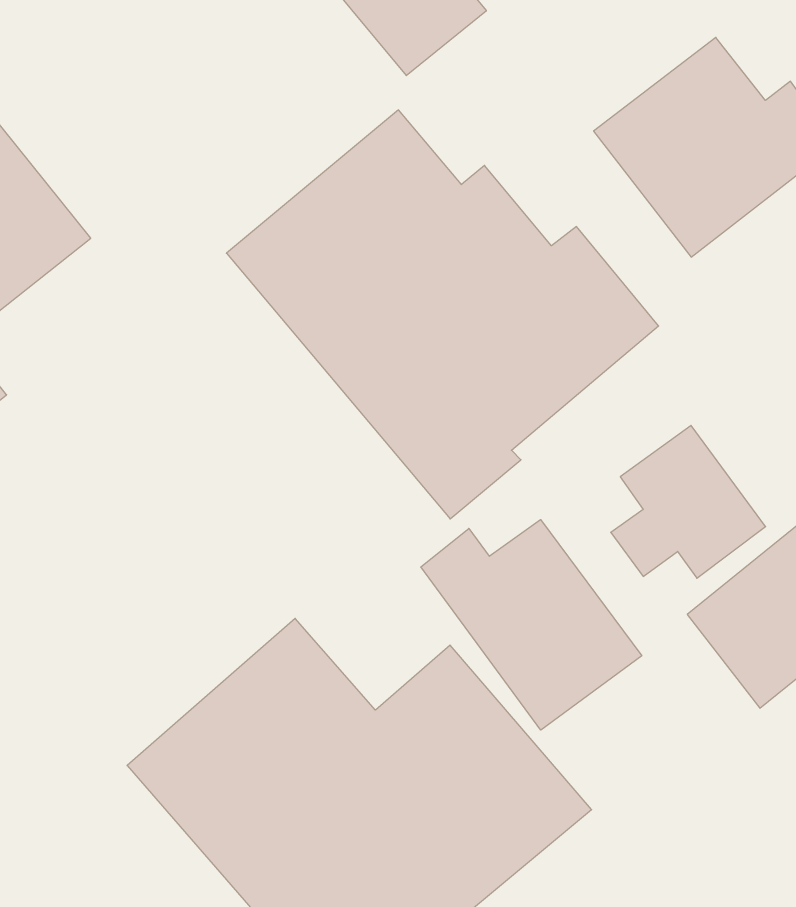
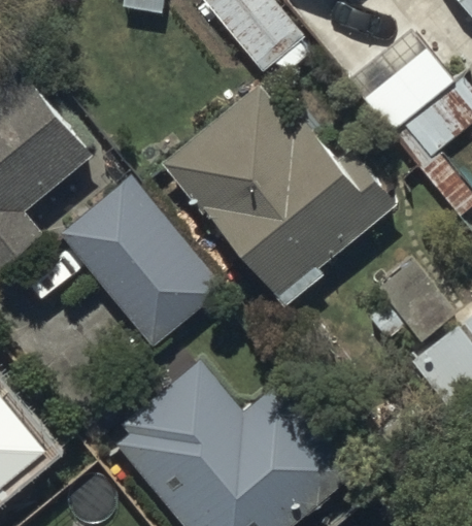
building: none -> [59,173,226,348]
building: [421,520,642,730] -> none

